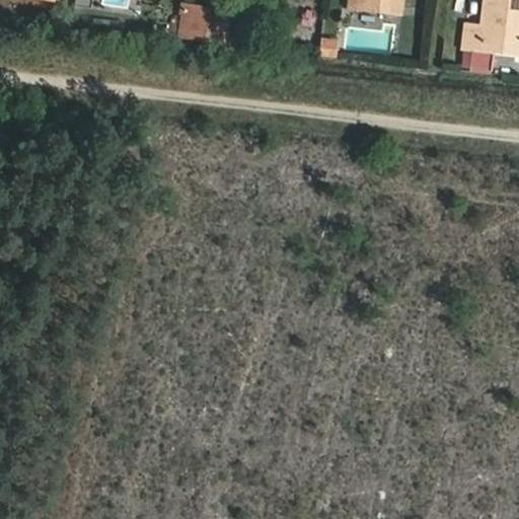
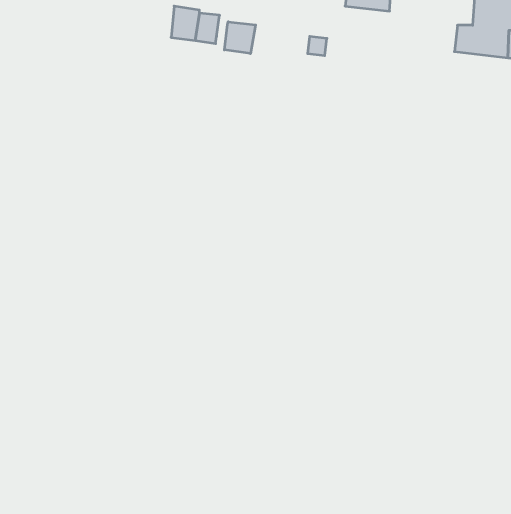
building: none -> [224,22,256,54]

